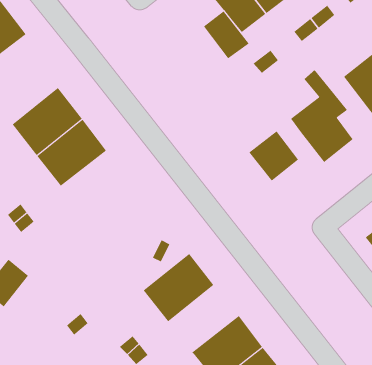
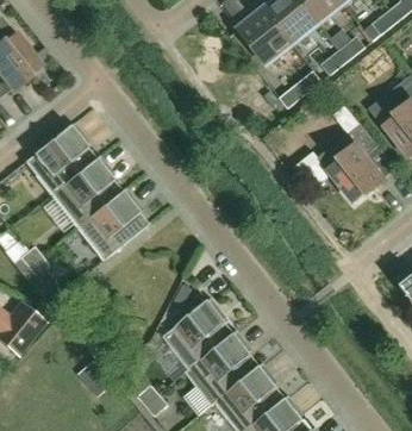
building: [203,11,249,59] -> none
building: [248,131,299,181] -> none
building: none -> [75,189,149,261]
building: none -> [183,331,263,406]

